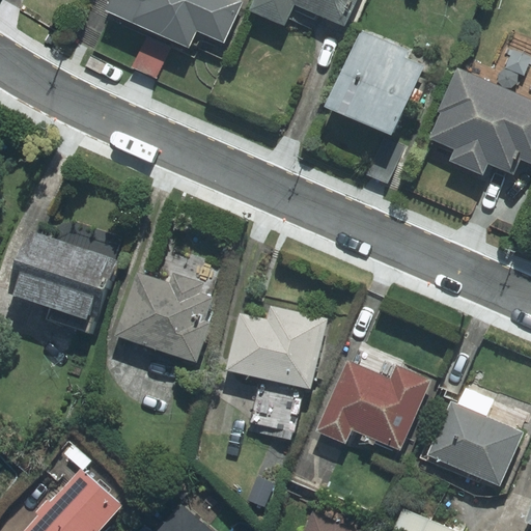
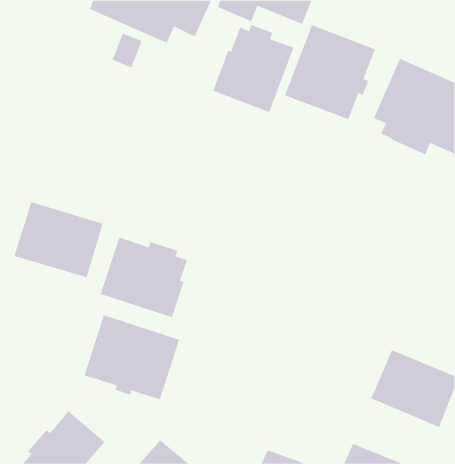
building: none -> [212,24,294,113]
building: [227,306,326,442] -> none
building: [314,358,430,450] -> none
building: none -> [84,315,180,400]

